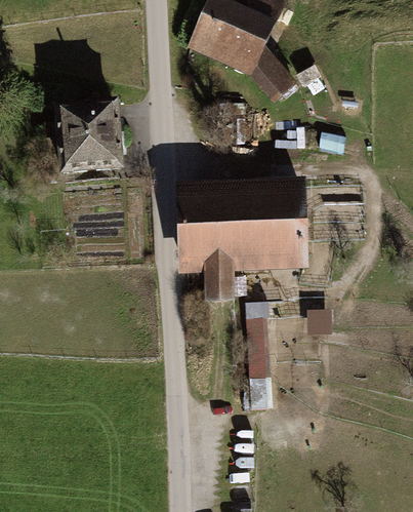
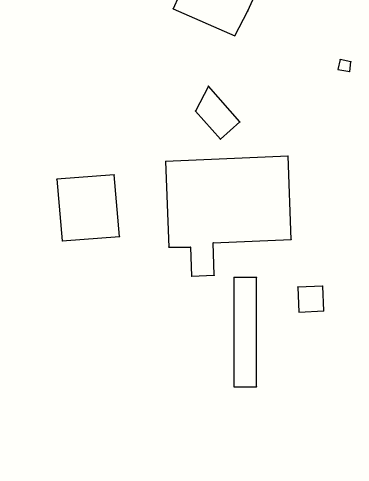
building: [248,47,290,97] -> [195,86,240,139]
building: [57,107,117,169] -> [57,175,120,241]

